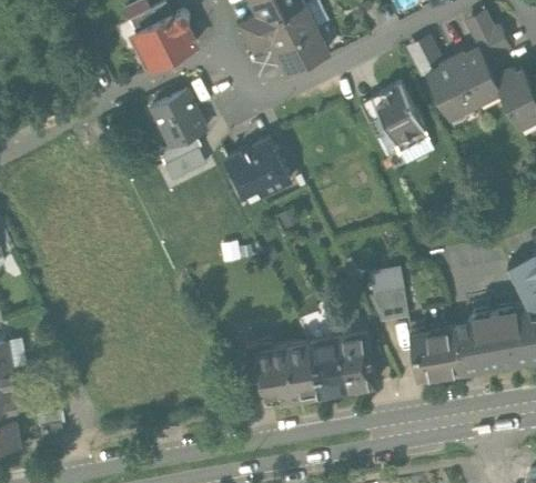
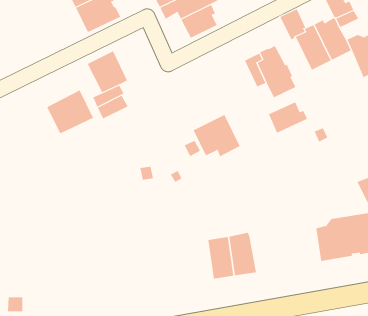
building: [226,141,290,198] -> [193,114,241,157]
building: none -> [46,90,94,134]
building: none -> [268,101,308,134]
building: [368,271,408,323] -> none
building: [409,328,461,379] -> none
building: [246,343,318,404] -> none

